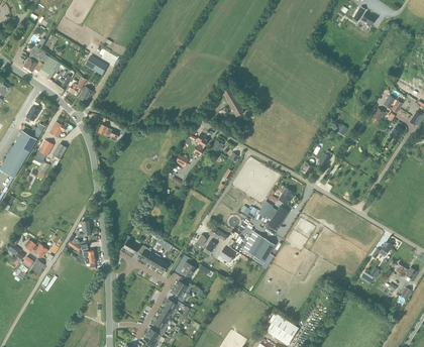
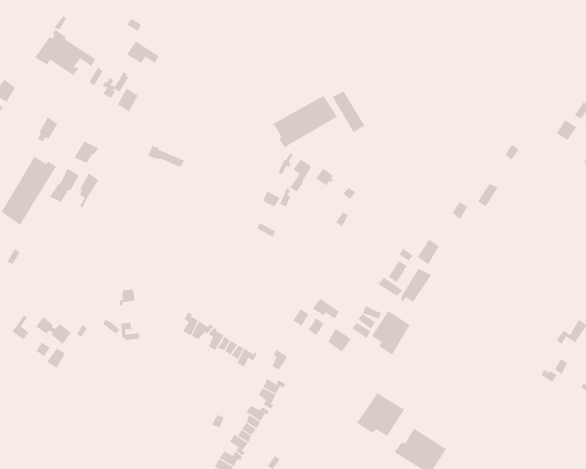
building: none -> [273,95,338,148]
building: none -> [356,392,405,437]

